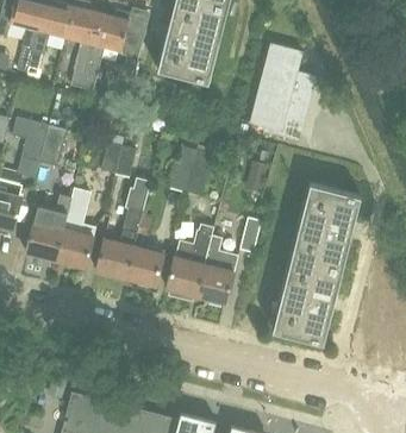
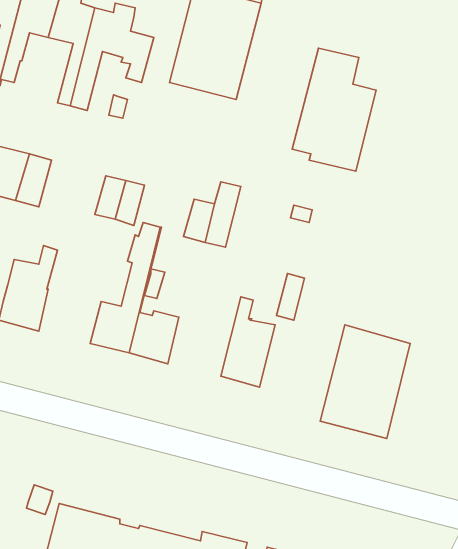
building: [291,182,361,270] -> none
building: [56,189,94,268] -> none
building: [165,222,213,299] -> none

